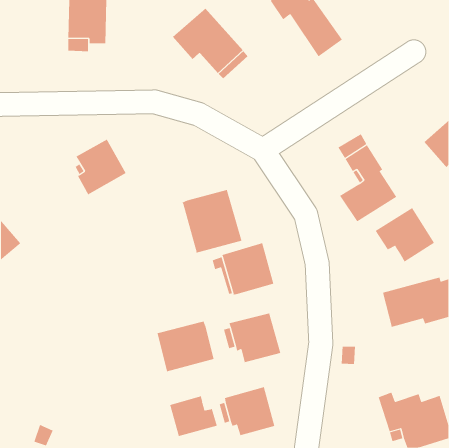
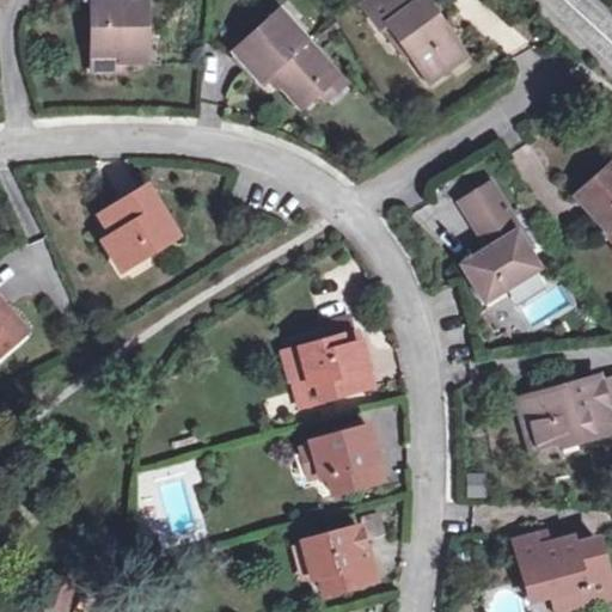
building: [182,189,242,253] -> none
building: [375,207,435,263] -> none
building: [157,320,214,372] -> none
building: [170,395,217,437] -> none

